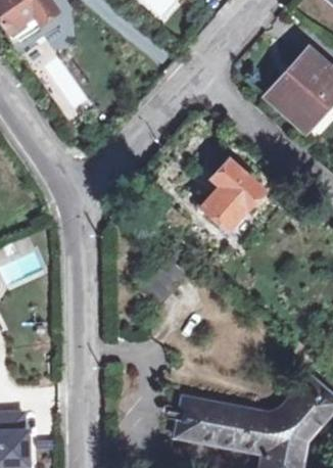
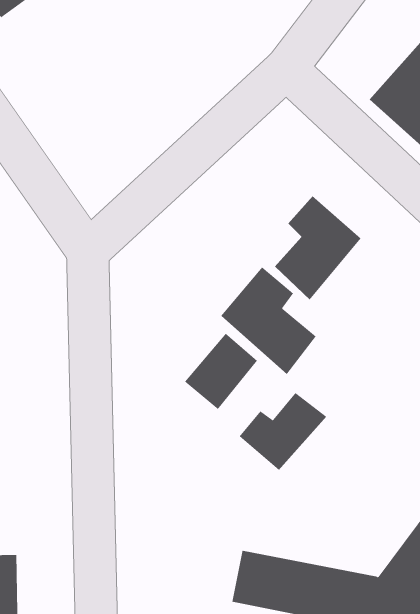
building: none -> [220,267,316,375]
building: none -> [239,392,327,471]

